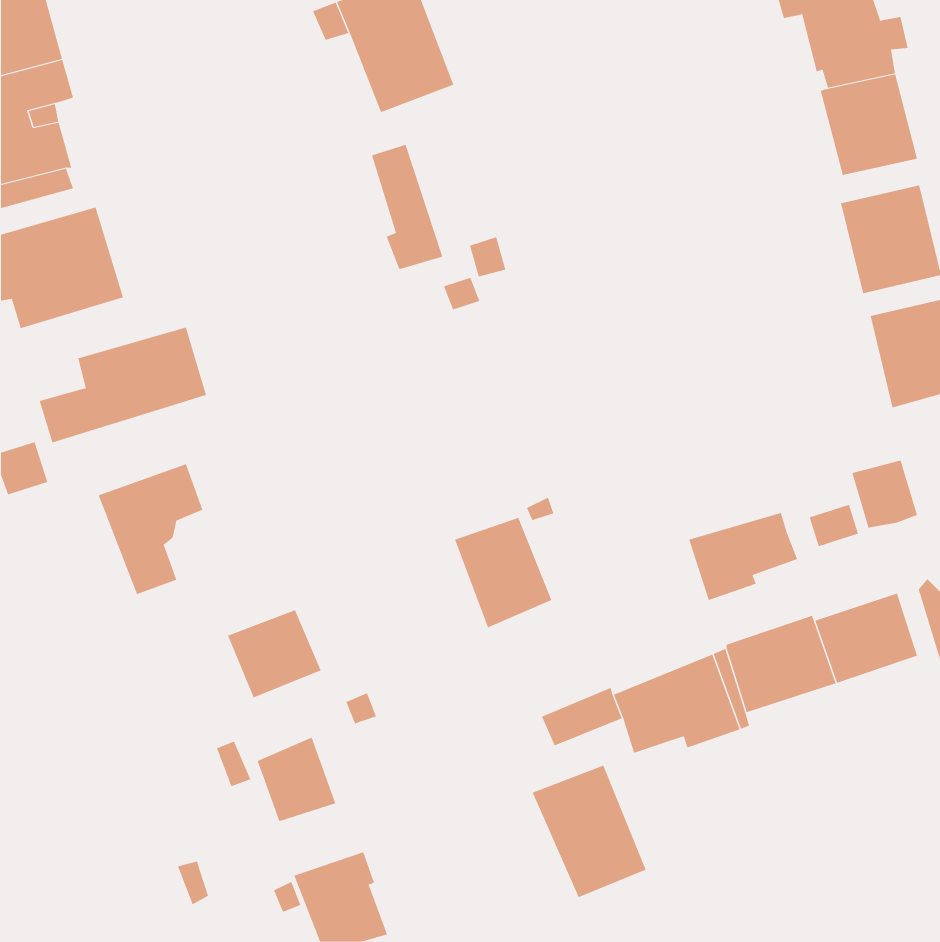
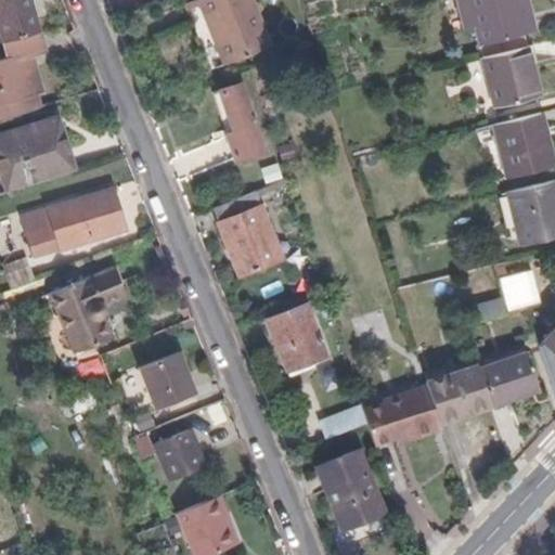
building: none -> [212,190,285,275]
building: [688,512,798,601] -> none

